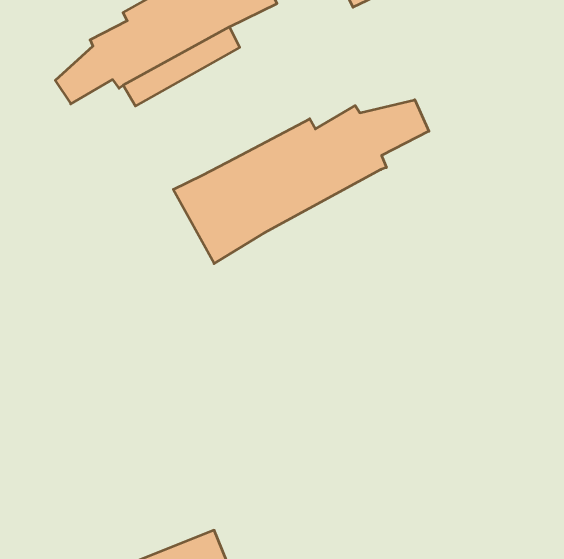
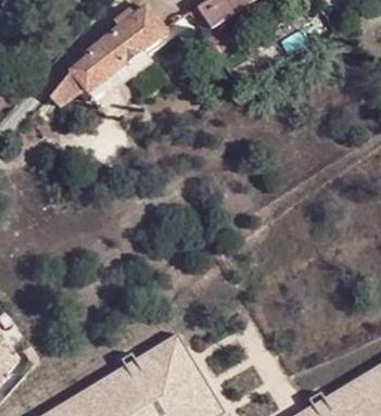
building: [173,100,429,264] -> none

